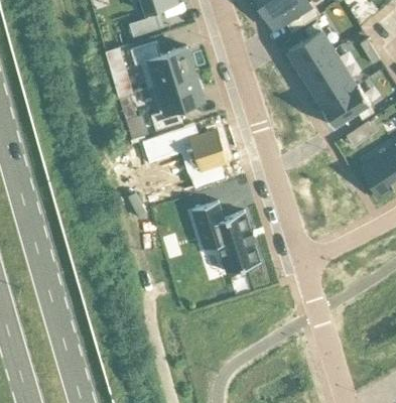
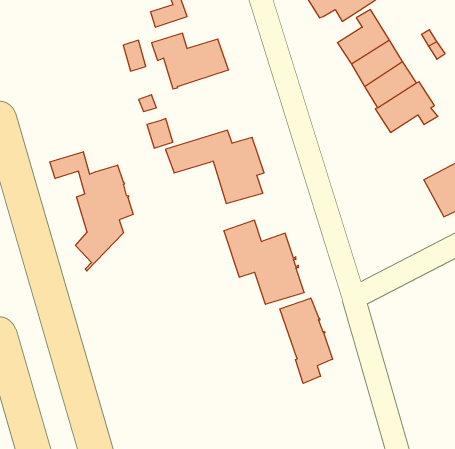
building: [151,73,204,130] -> none
building: none -> [50,152,133,271]
building: none -> [280,298,333,383]

